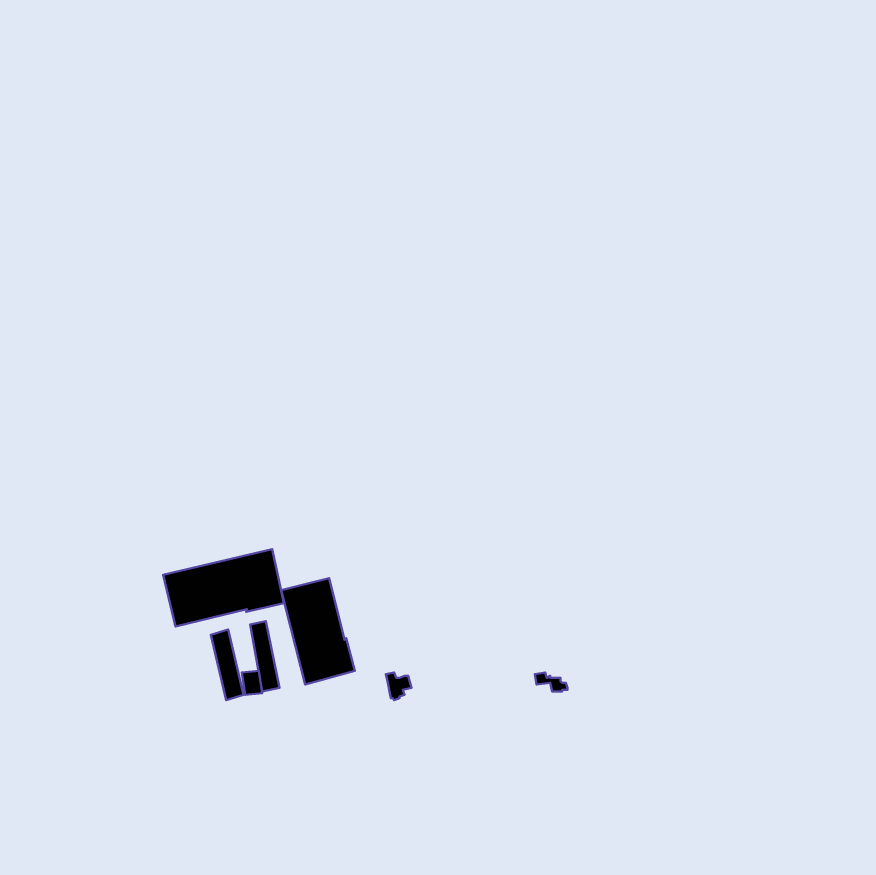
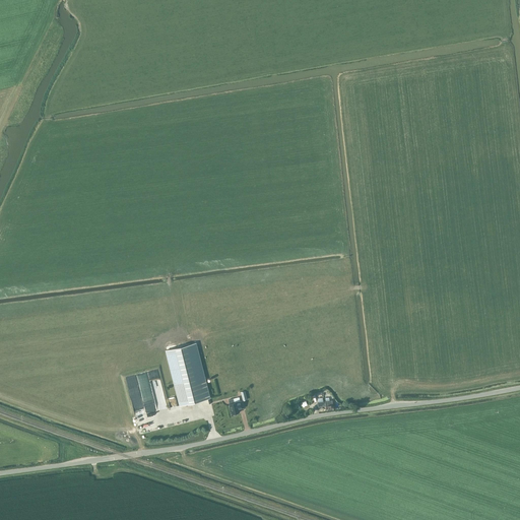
building: [163,549,284,627] -> none

